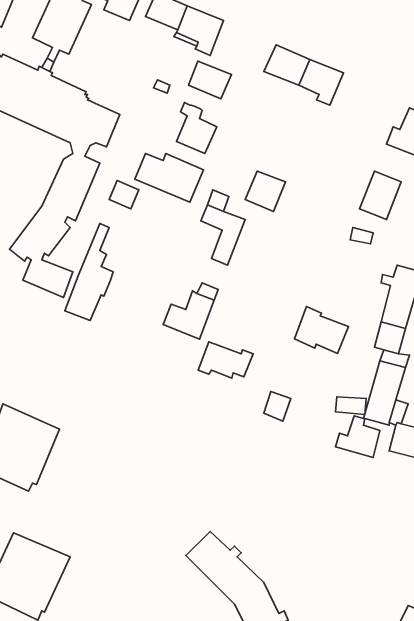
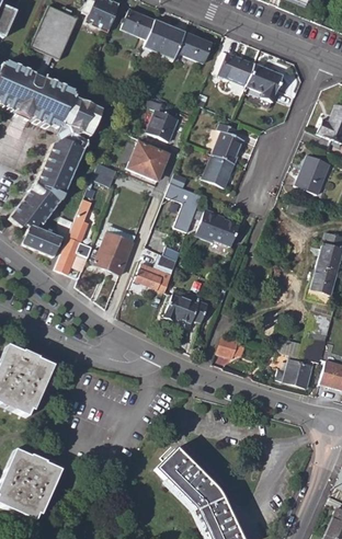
building: [189,61,232,99] -> [178,32,213,62]
building: none -> [213,122,244,163]
building: none -> [91,225,137,275]
building: [295,306,348,354] -> [196,208,240,246]

